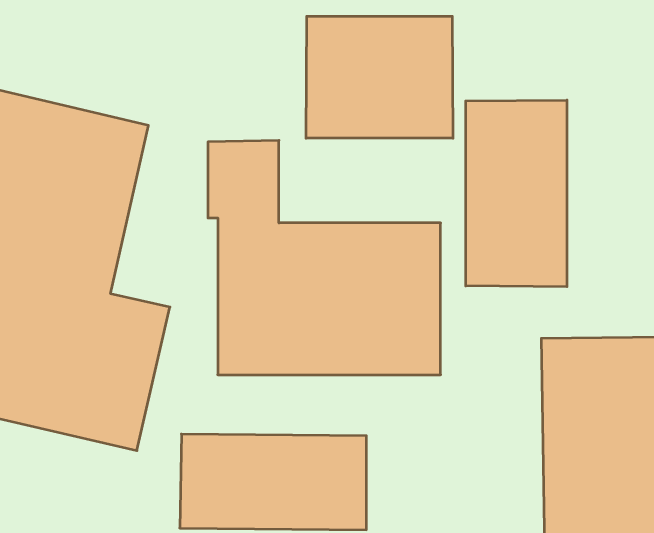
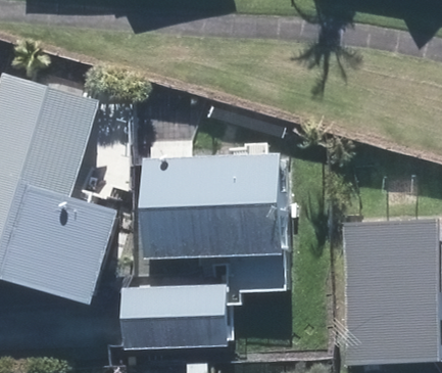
building: [306,16,453,138] -> none
building: [466,100,567,287] -> none

